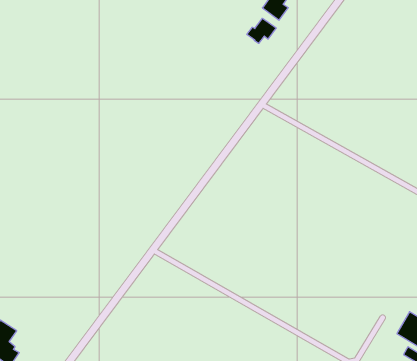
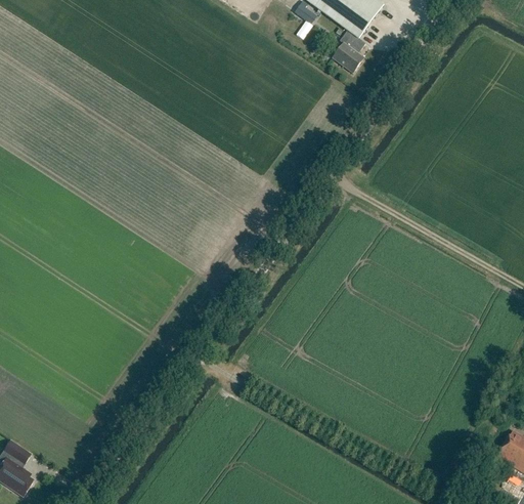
building: [247,18,276,43] -> none

